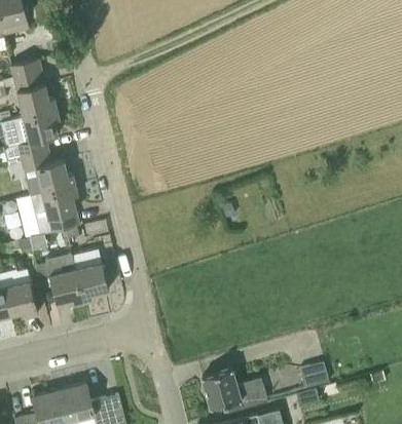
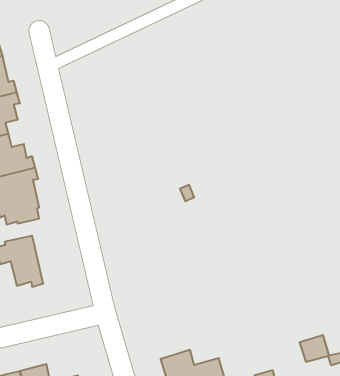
building: [74,256,109,302] -> none
building: [298,361,328,388] -> [300,335,329,362]

